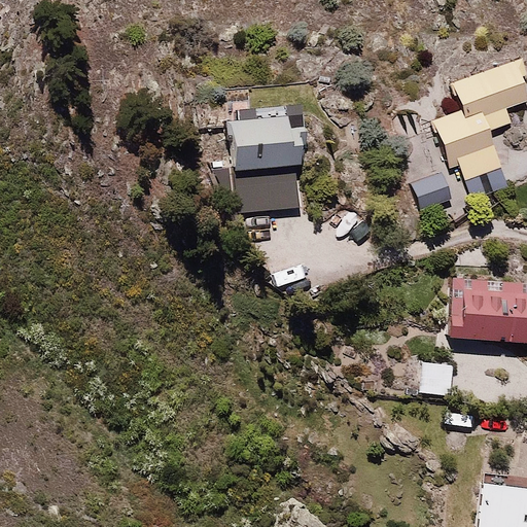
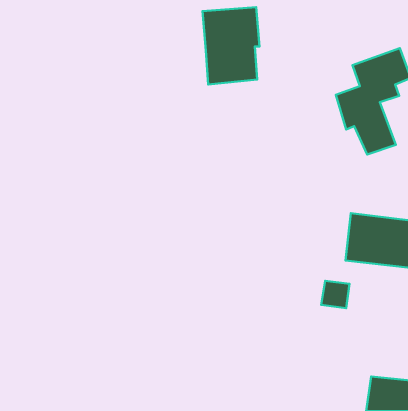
building: [232,114,305,213] -> [202,7,260,84]
building: [414,173,454,210] -> none

